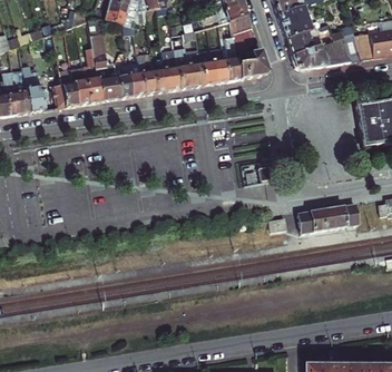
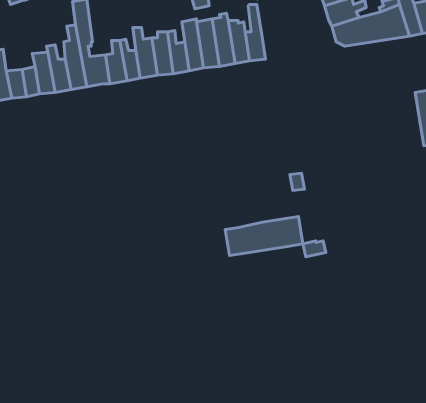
building: [237,49,267,78] -> none
building: [298,202,359,232] -> [225,216,303,255]

